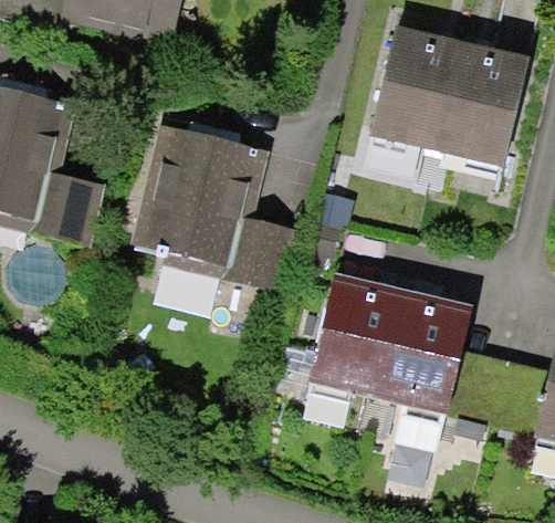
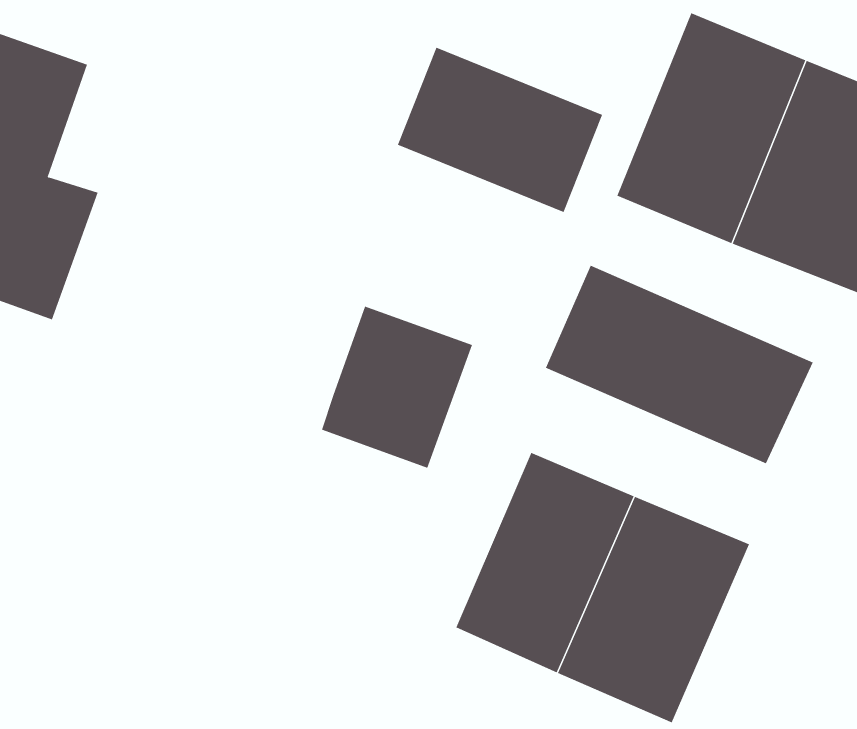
building: none -> [397,47,603,213]
building: [138,132,251,262] -> none
building: none -> [545,265,813,464]

